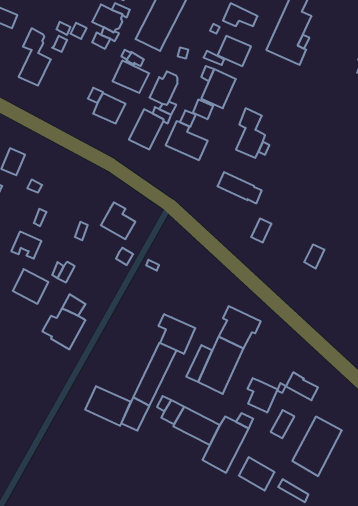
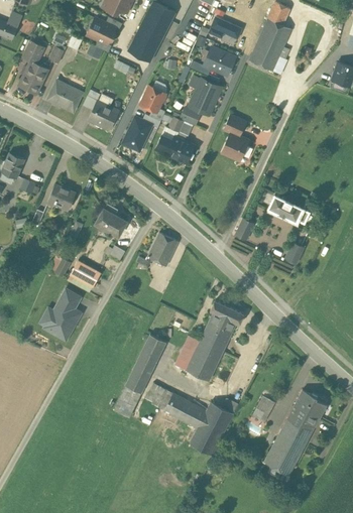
building: [112,61,149,93] -> [47,81,82,111]
building: [217,172,262,203] -> [268,195,310,224]
building: [11,232,42,259] -> [47,183,76,209]
building: none -> [148,232,178,265]
building: [13,269,48,304] -> [65,259,98,291]
building: [159,314,195,354] -> none
building: [286,372,318,400] -> [296,389,326,415]
building: [248,378,278,413] -> none
building: [85,386,130,426] -> none
building: [239,457,275,491] -> [264,443,298,475]

